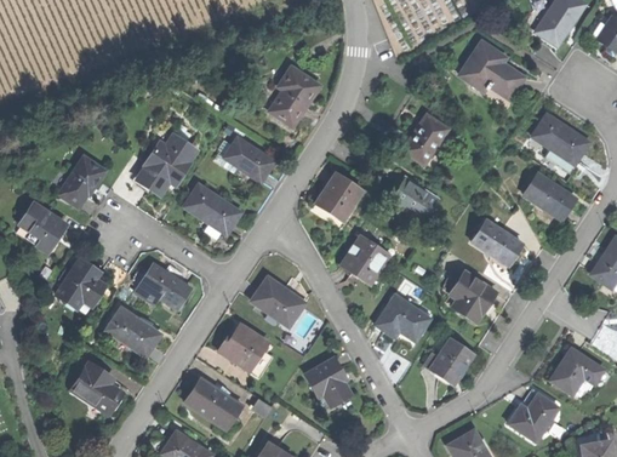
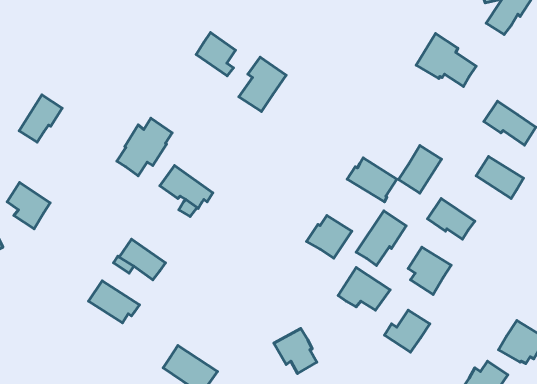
building: none -> [196,33,236,76]
building: [402,114,449,165] -> [399,146,441,193]
building: [224,137,275,182] -> none
building: [61,155,107,206] -> [19,95,62,142]
building: [318,173,362,221] -> none
building: none -> [356,211,406,265]
building: [58,258,107,308] -> none
building: [253,276,308,326] -> none
building: [221,325,269,370] -> none
building: [74,361,125,412] -> none

